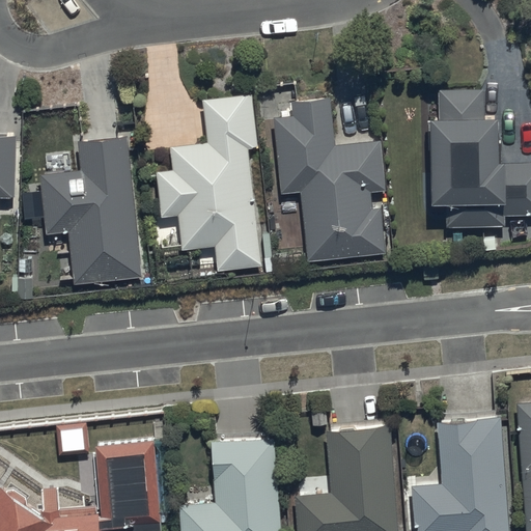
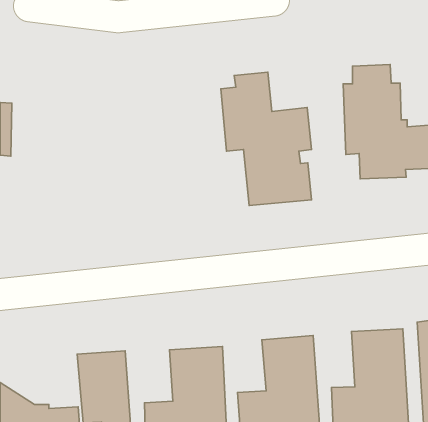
building: [157,96,261,271] -> none
building: [40,137,142,286] -> none

